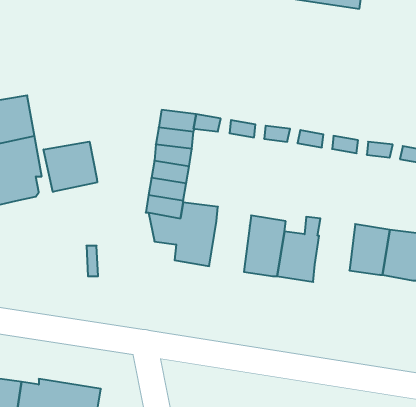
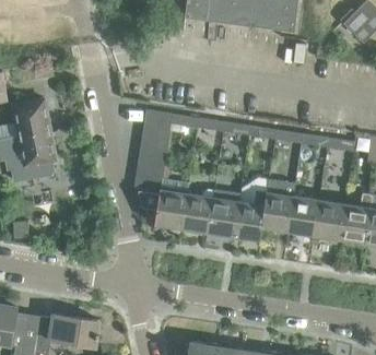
building: [44,142,97,192] -> none
building: none -> [261,179,294,232]
building: none -> [181,194,212,233]

